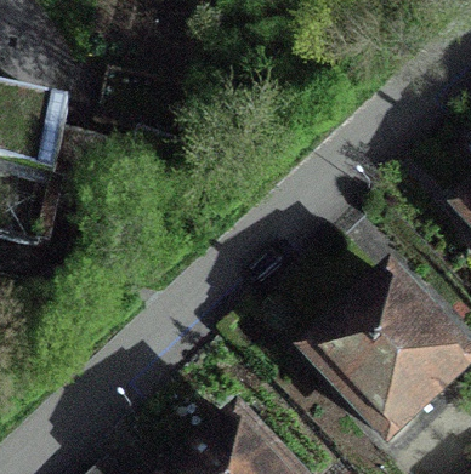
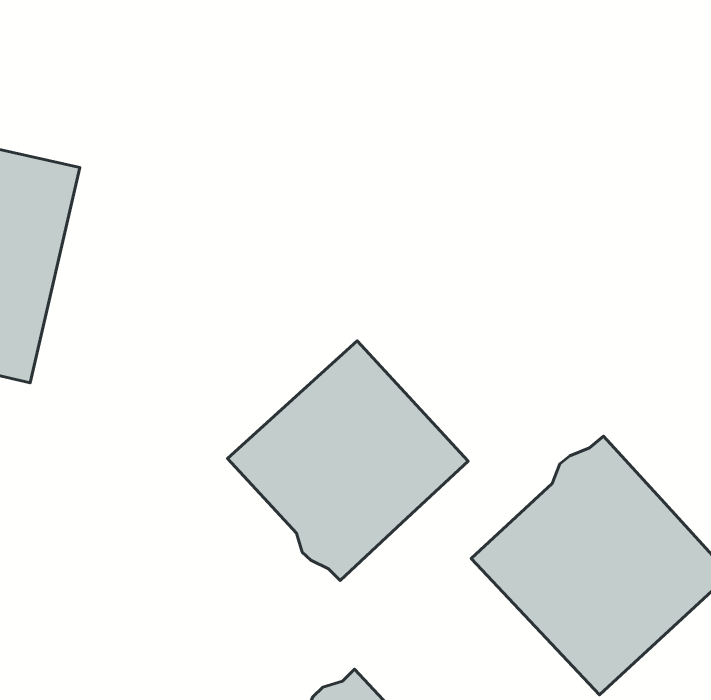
building: none -> [228,341,468,581]

